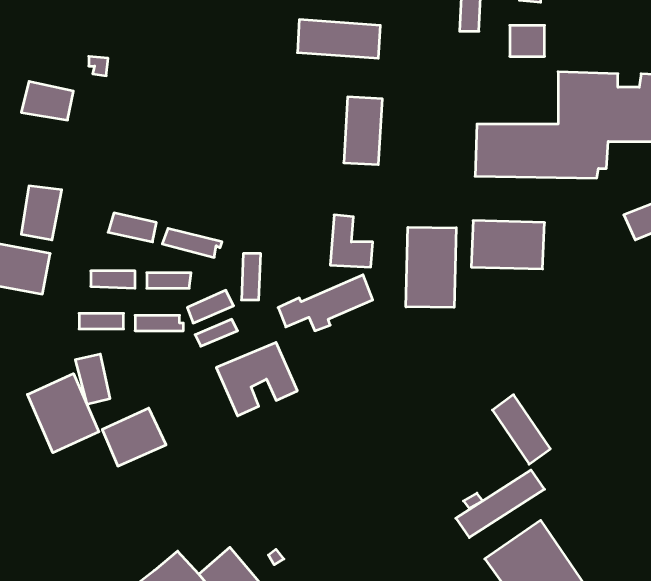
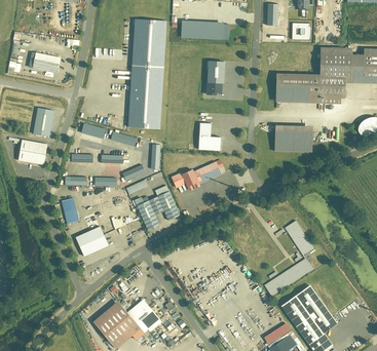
building: none -> [126,18,165,130]
building: [406,227,456,307] -> none
building: [27,374,99,453] -> none

